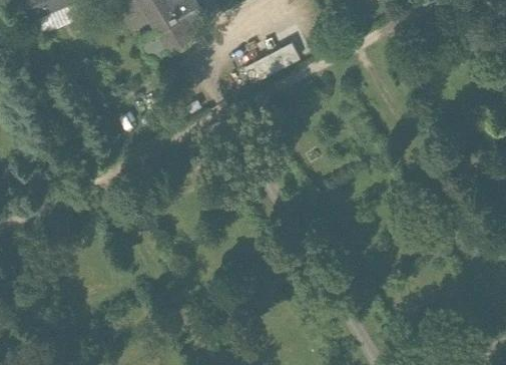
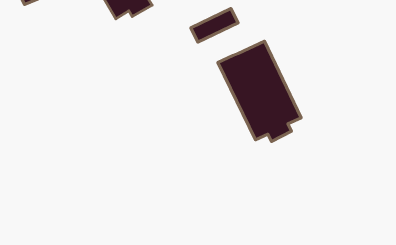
building: none -> [218,41,301,141]

